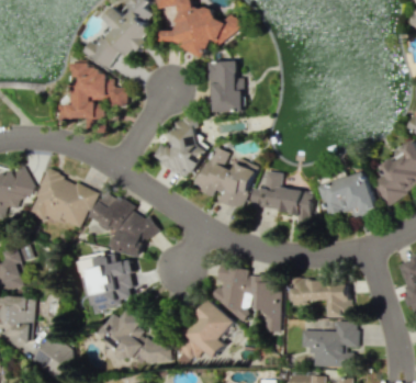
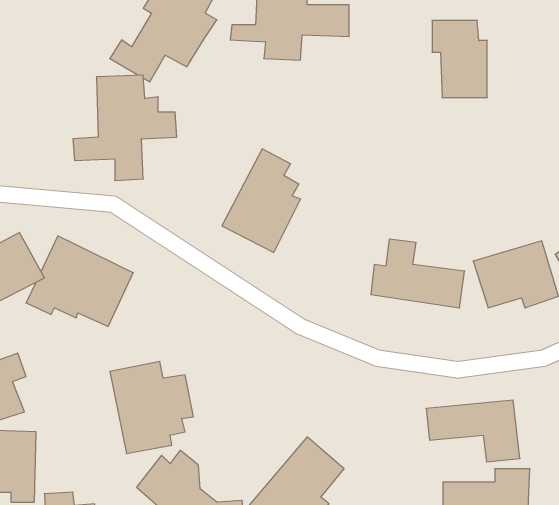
building: [206,61,243,112] -> [432,20,487,97]
building: [194,145,258,210] -> none
building: [90,192,159,256] -> none
building: [210,270,280,333] -> none

